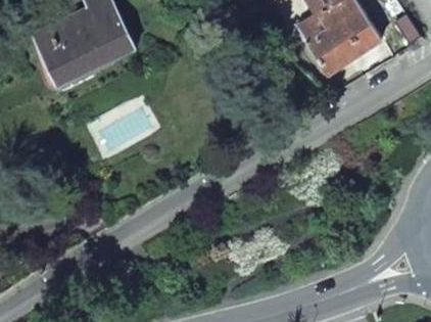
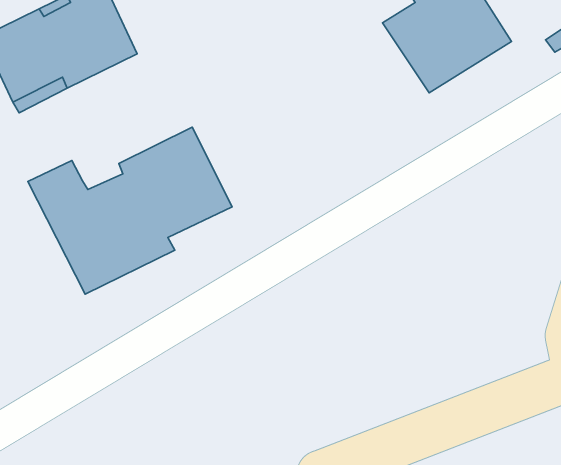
building: none -> [28,127,232,294]

